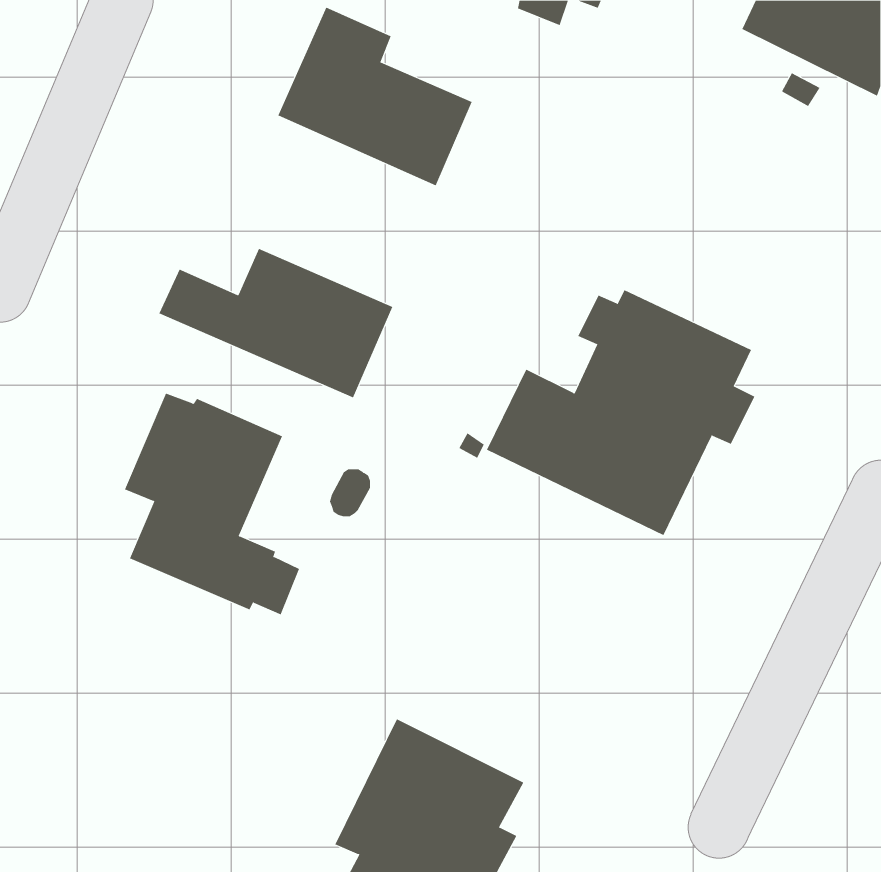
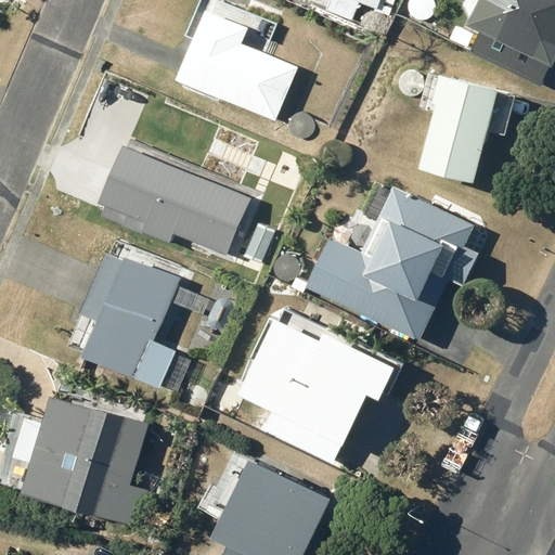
building: none -> [418,75,514,182]
building: none -> [237,318,393,465]
building: none -> [12,395,147,528]

